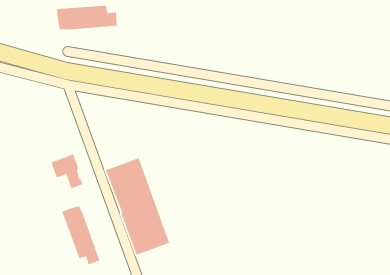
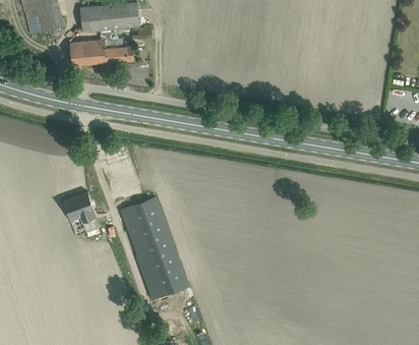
building: [61,206,101,265] -> none

